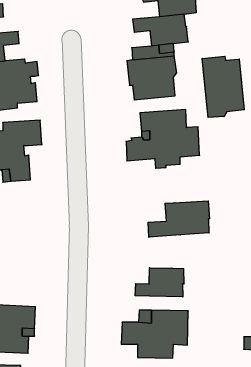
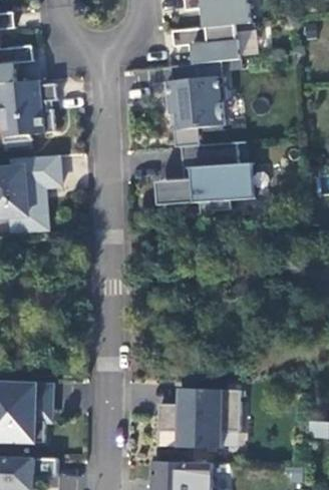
building: [202,56,244,117] -> none
building: [148,201,209,237] -> none
building: [135,268,184,297] -> none

